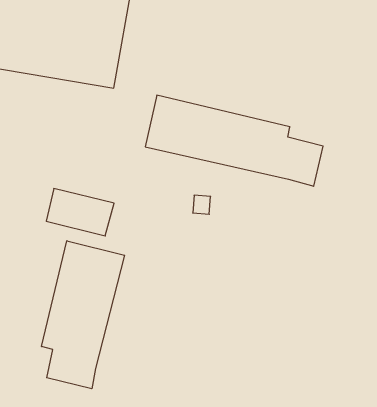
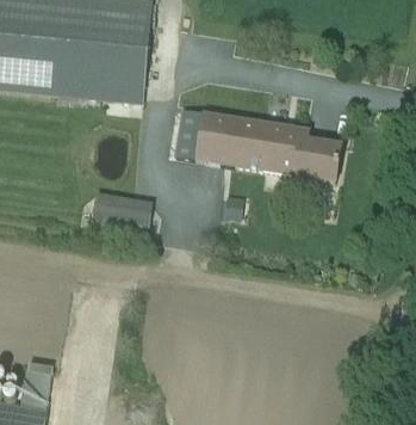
building: [42,241,125,389] -> none

